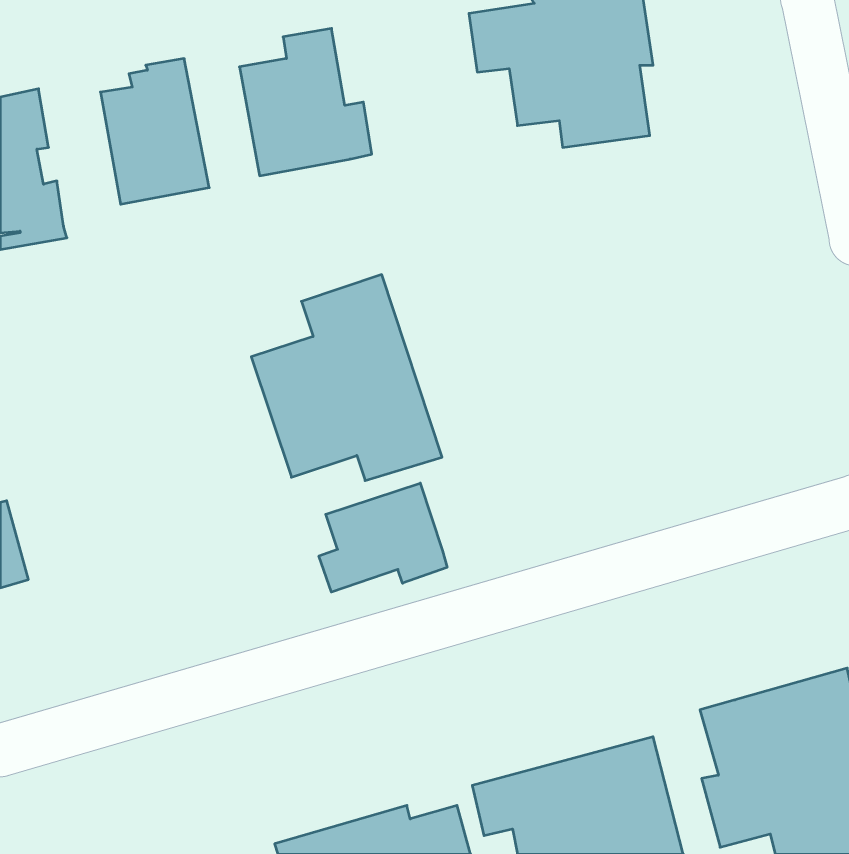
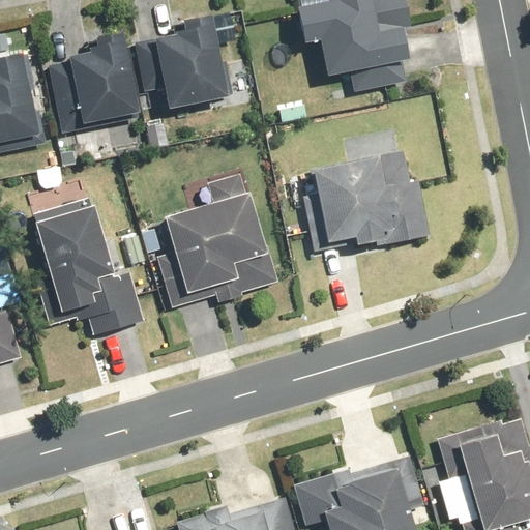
building: none -> [312,129,428,252]
building: none -> [34,205,146,326]
building: [319,483,447,592] -> none

